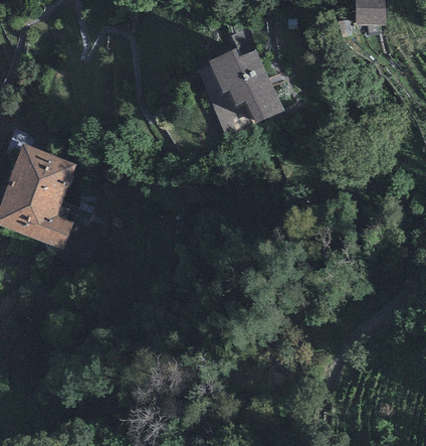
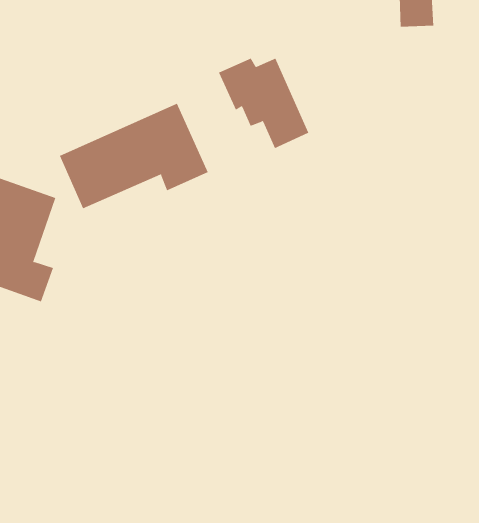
building: none -> [59,103,209,209]

